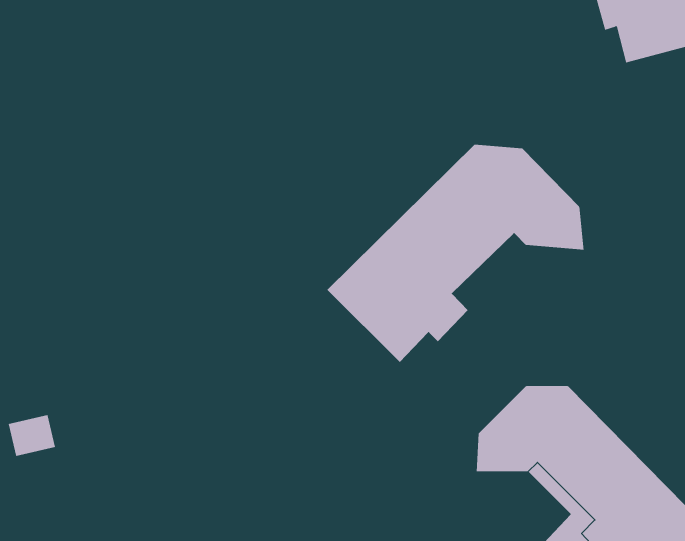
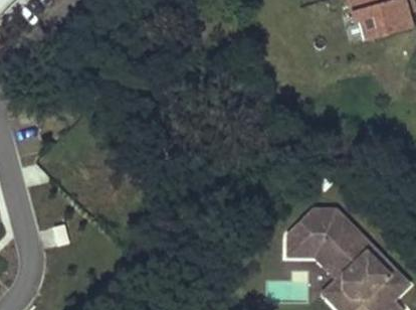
building: [327,144,584,363] -> none

